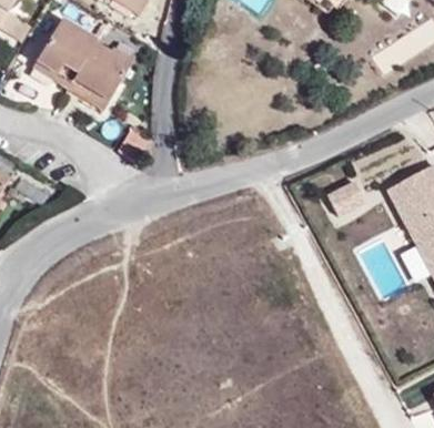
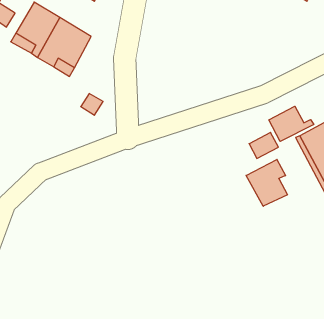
building: none -> [269,106,314,141]
building: none -> [246,159,287,206]

